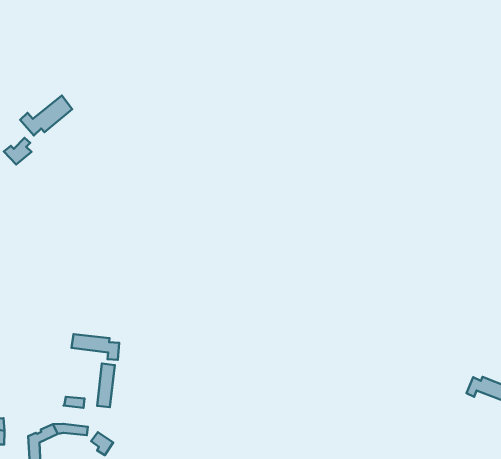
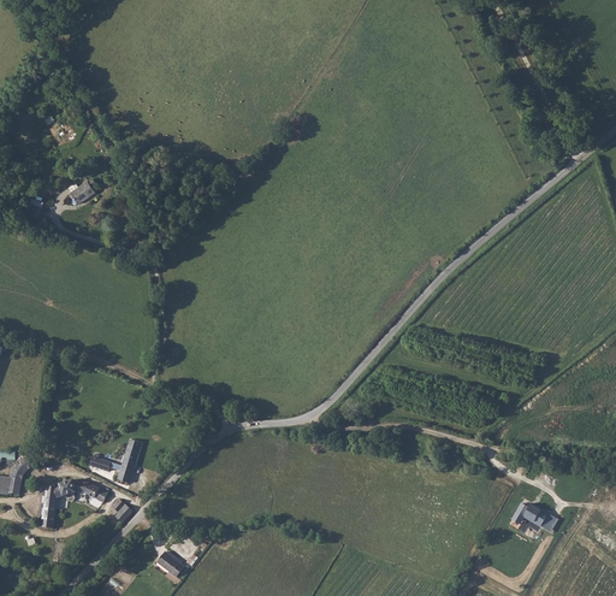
building: [20,96,72,136] -> none
building: [71,334,119,360] -> none

